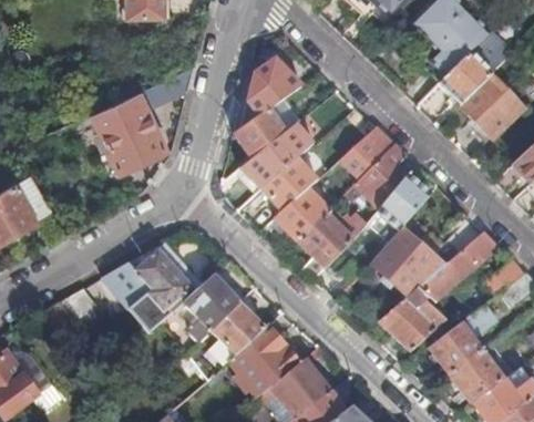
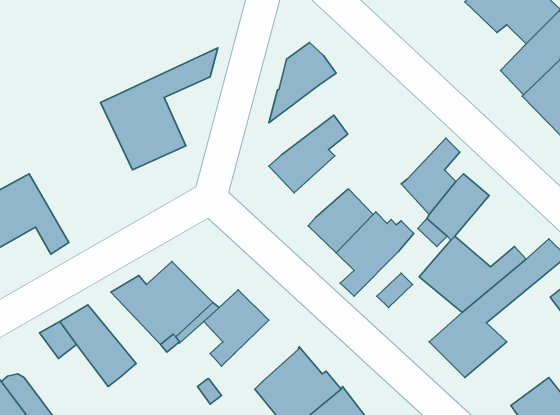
building: [233,96,299,157] -> none
building: [340,126,393,178] -> none
building: [261,158,317,212] -> none
building: [209,301,265,354] -> none
building: [429,322,483,375] -> none

